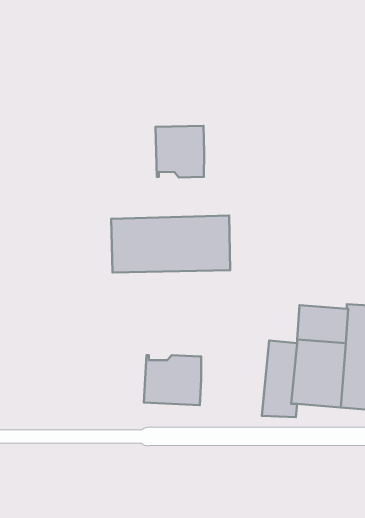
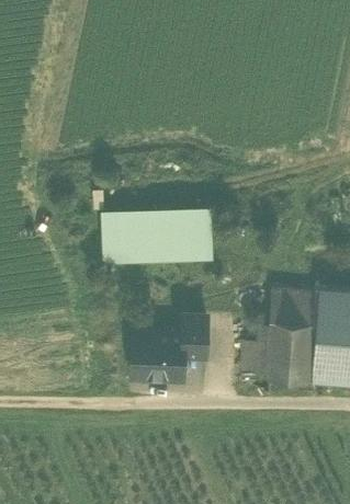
building: [155,126,204,177] -> none
building: none -> [183,319,207,358]

